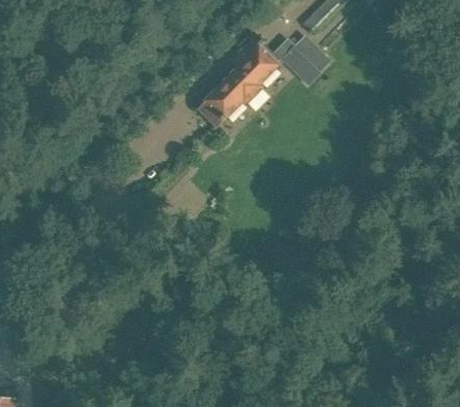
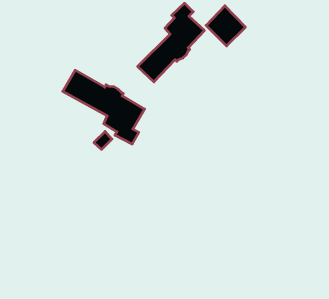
building: none -> [63,70,145,144]

